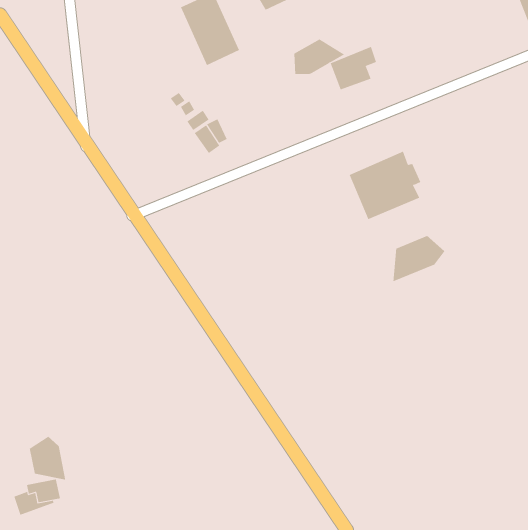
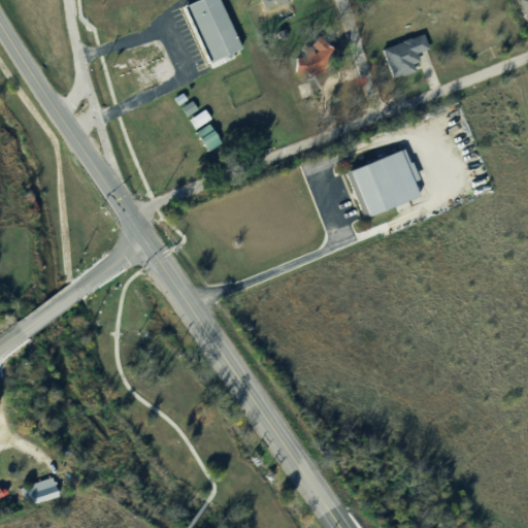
building: [330,46,377,90] -> [384,32,430,75]
building: [393,235,445,282] -> none
building: [29,436,66,481] -> none

